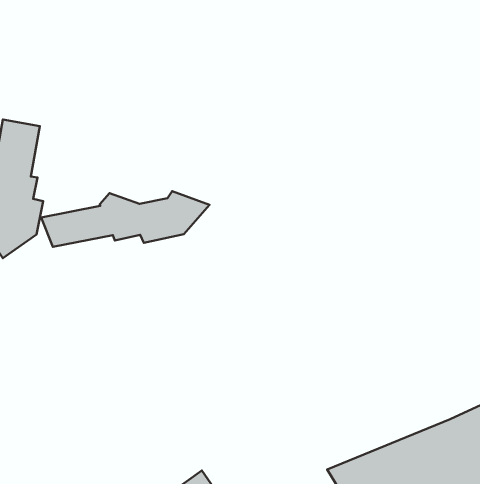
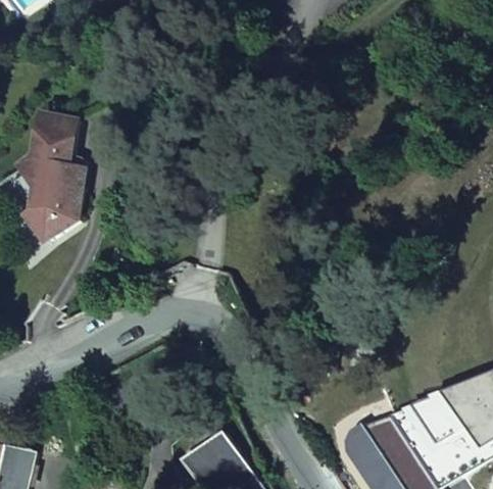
building: [41,191,209,247] -> none

